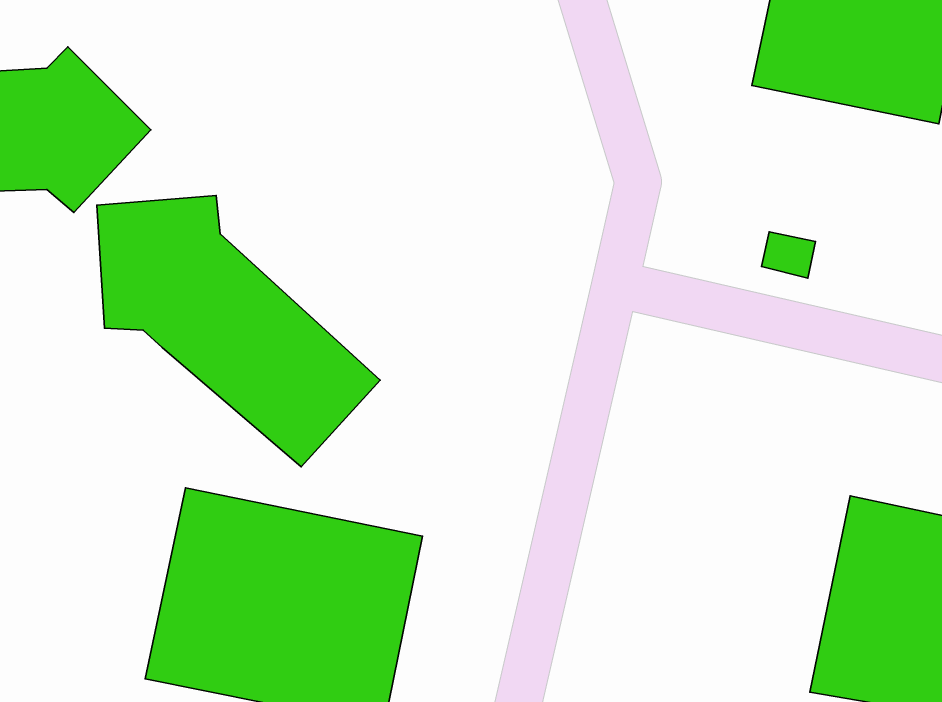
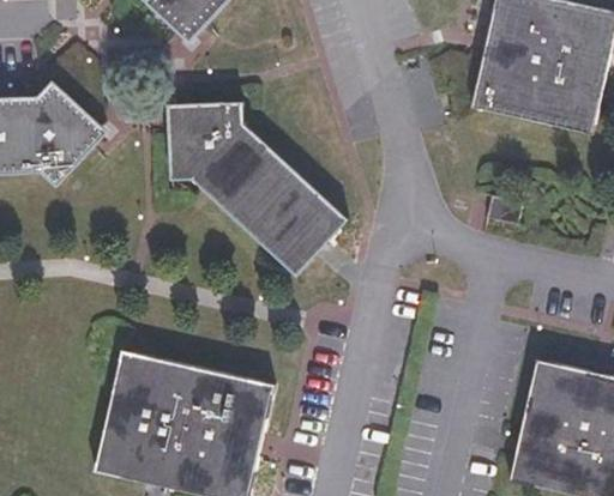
building: [97,195,380,467] -> [168,104,344,273]

